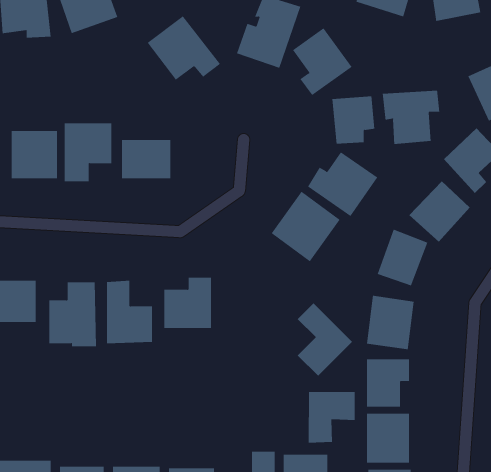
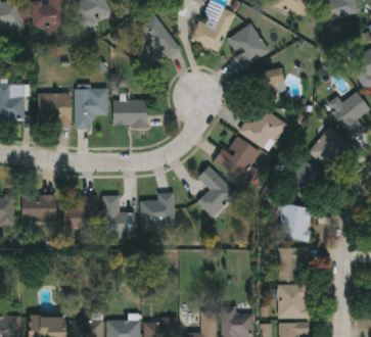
building: [382,90,440,145] -> none
building: [297,303,353,377] -> [198,165,236,215]
building: [308,391,355,444] -> none

